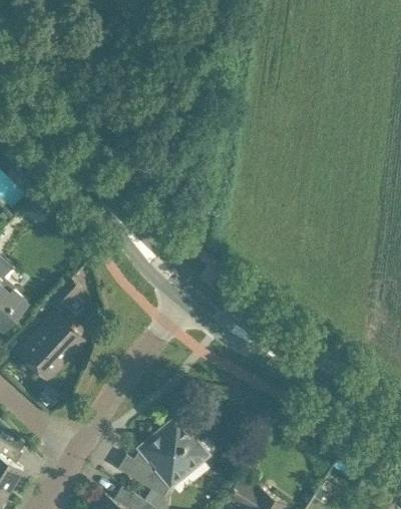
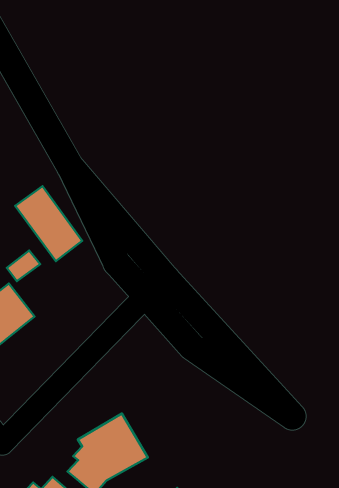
building: none -> [15,186,82,261]

